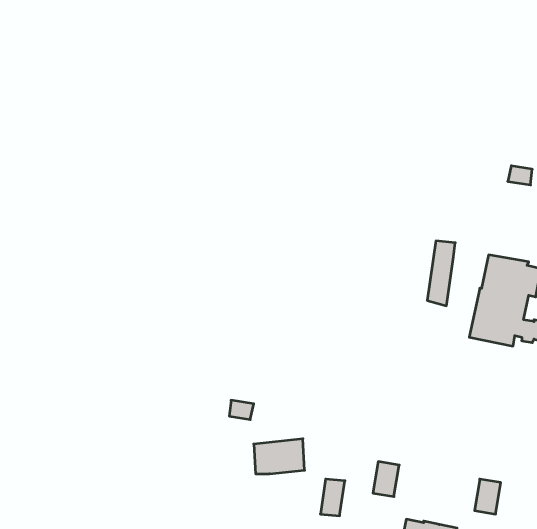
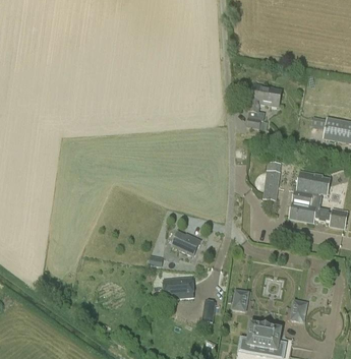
building: none -> [246,84,281,128]
building: none -> [171,232,200,255]

